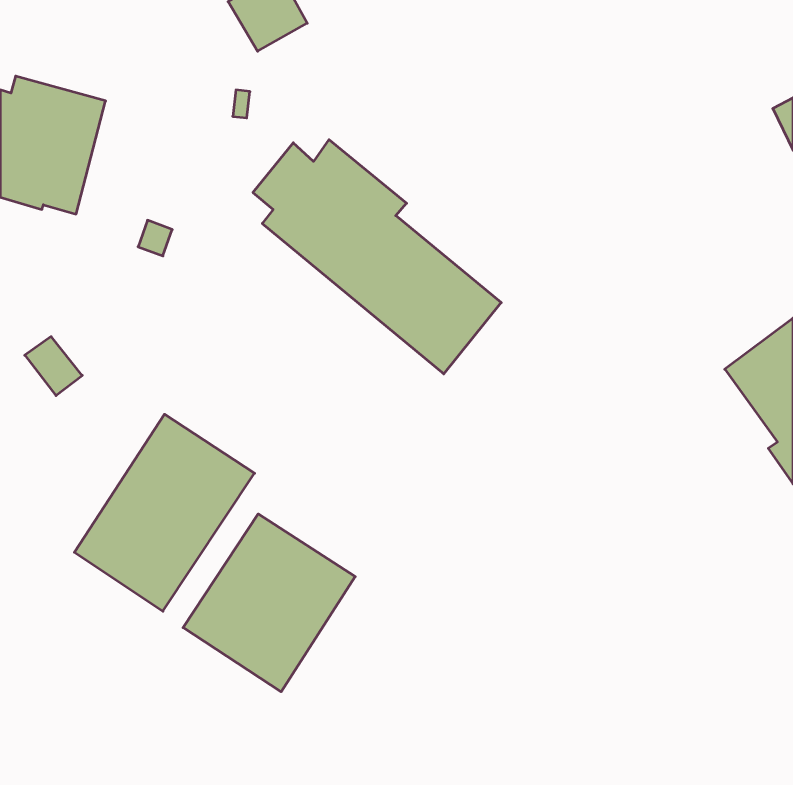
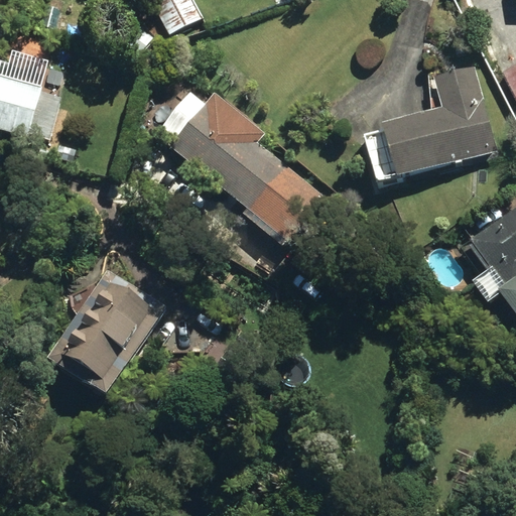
building: none -> [364,66,497,180]
building: [183,514,355,692] -> none

